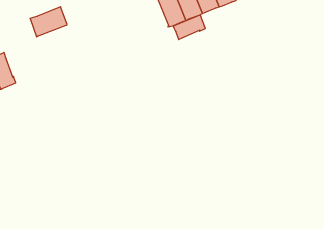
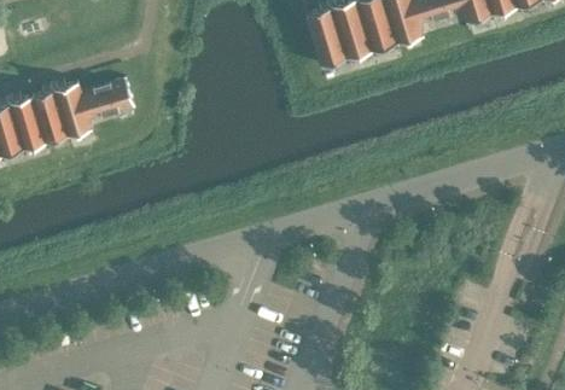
building: [30,7,67,37] -> [81,81,134,122]
building: [173,15,205,40] -> none

